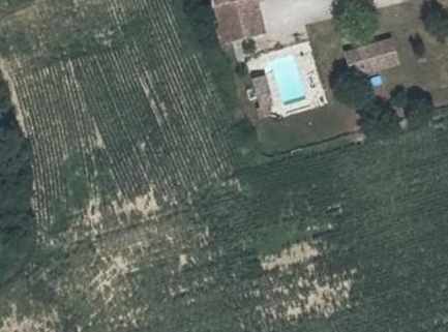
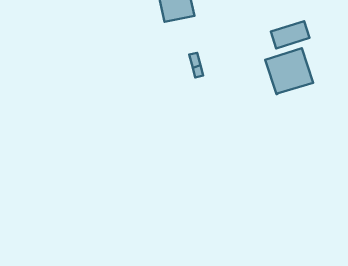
building: none -> [265,48,313,94]

